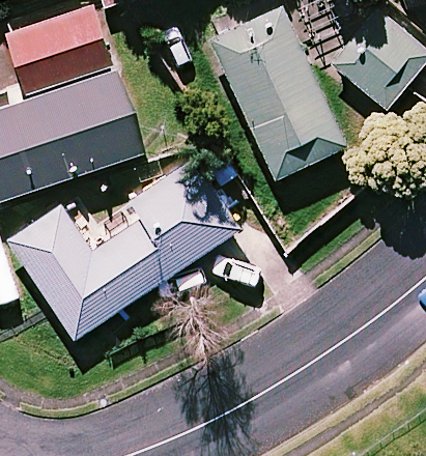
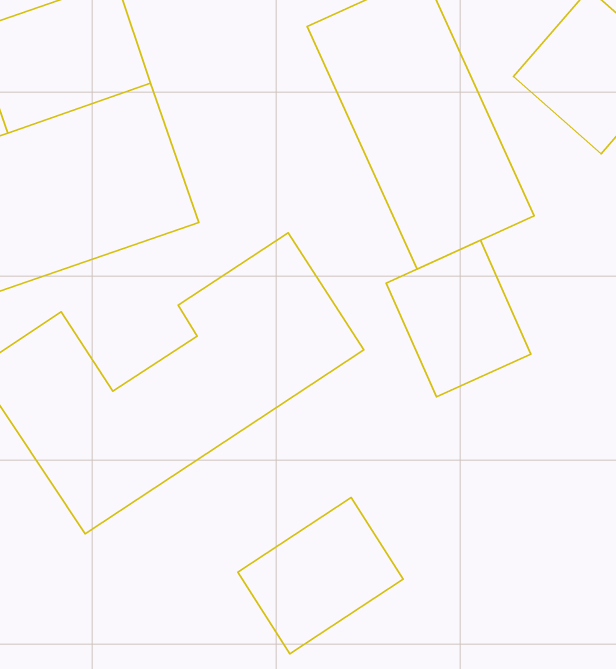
building: none -> [386,240,531,397]
building: none -> [238,498,403,654]

